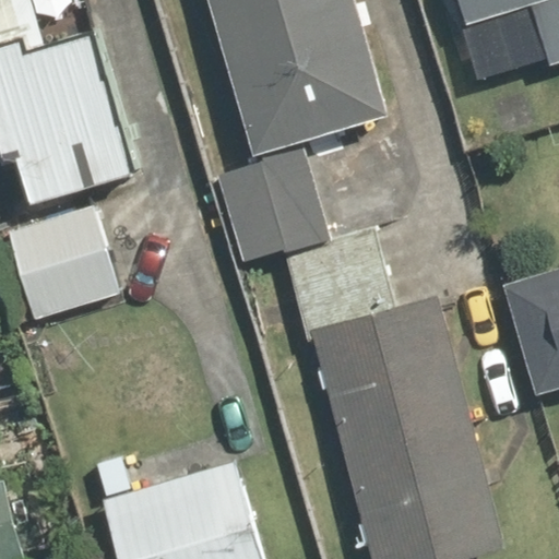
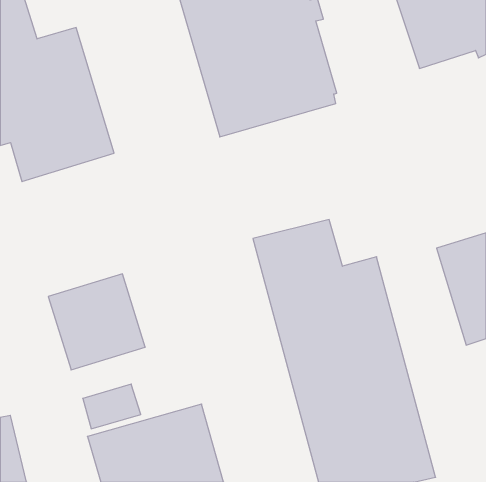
building: [226,162,325,258] -> none
building: [8,206,119,317] -> [48,274,145,370]

